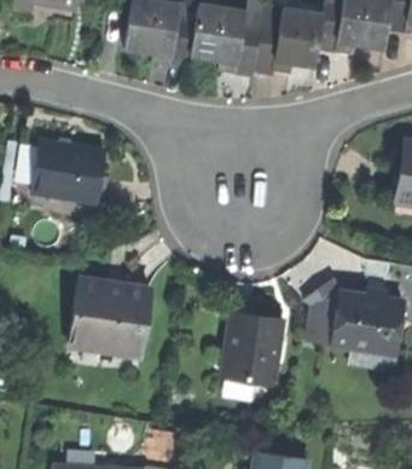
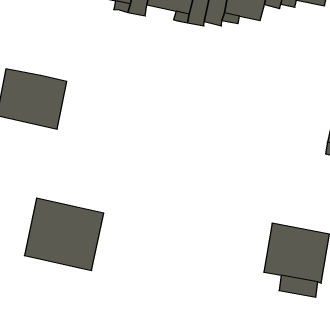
building: [303,278,341,344] -> none
building: [224,312,286,383] -> none

